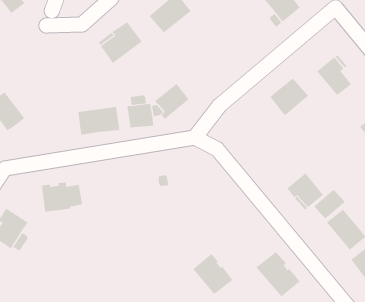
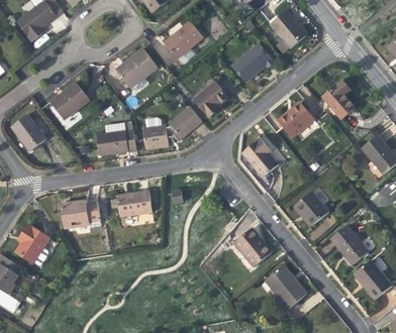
building: none -> [230,42,274,82]
building: none -> [50,82,89,119]
building: none -> [193,82,227,117]
building: none -> [241,137,277,177]
building: none -> [116,191,152,217]
building: [313,189,346,219] -> none
building: [192,253,233,295] -> [232,228,271,267]

